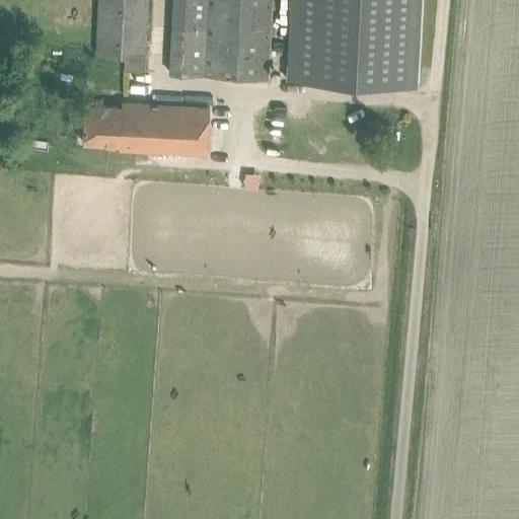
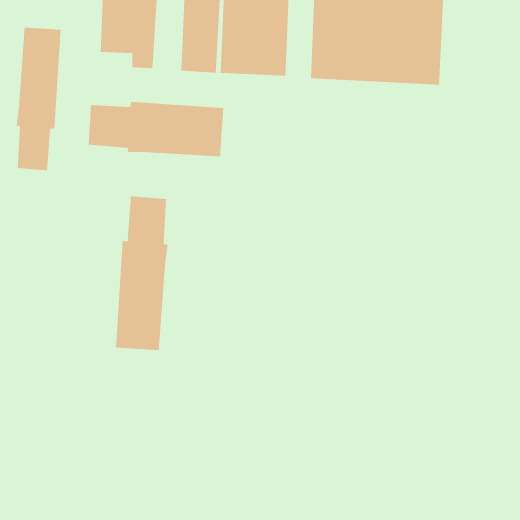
building: none -> [16,27,61,171]
building: none -> [115,196,168,351]

